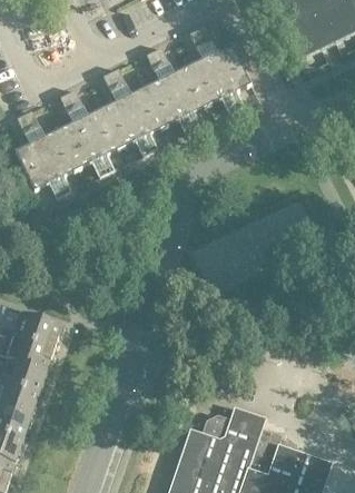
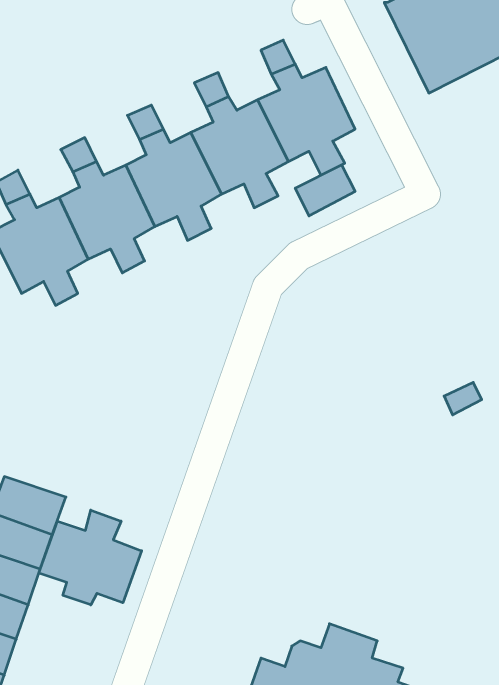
building: none -> [295,165,355,216]
building: none -> [39,510,142,605]

